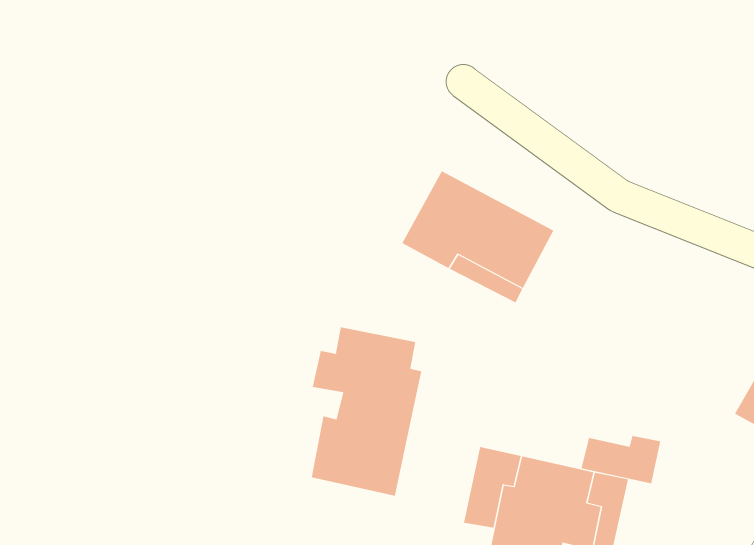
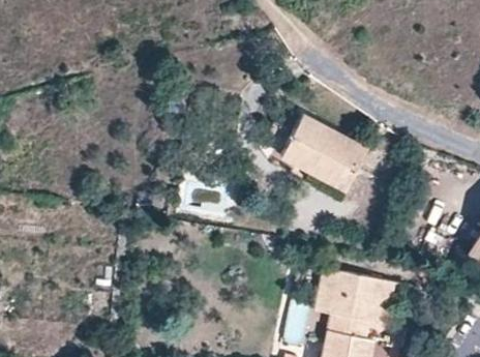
building: [311,326,422,496] -> none
building: [581,435,661,484] -> none

